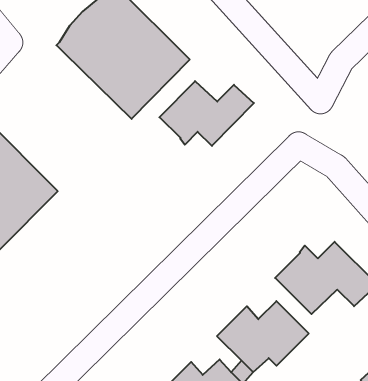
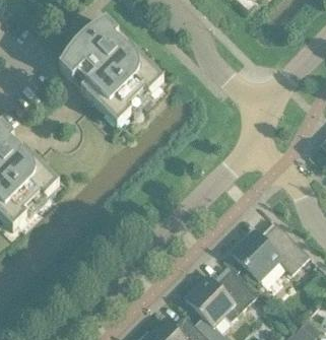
building: [159,81,254,146] -> none

